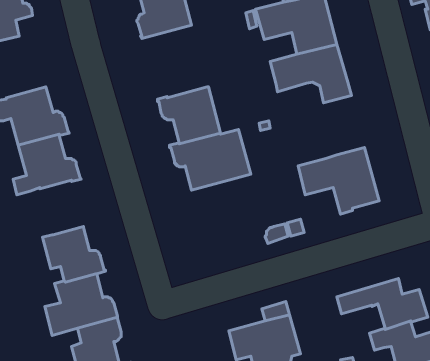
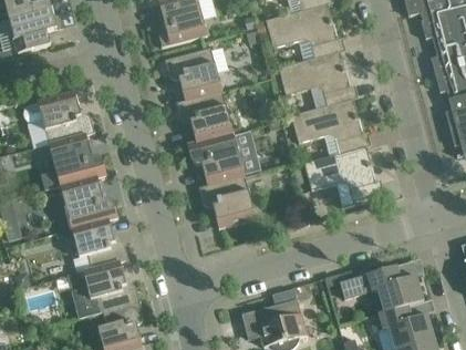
building: none -> [165,48,221,101]
building: none -> [291,99,365,156]
building: none -> [198,175,256,228]
building: none -> [60,176,117,228]

